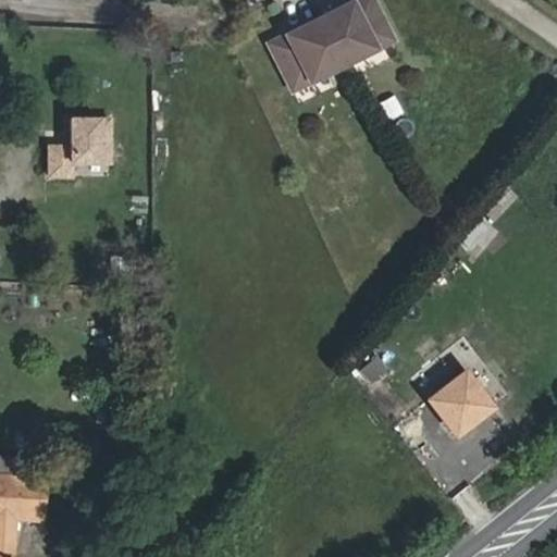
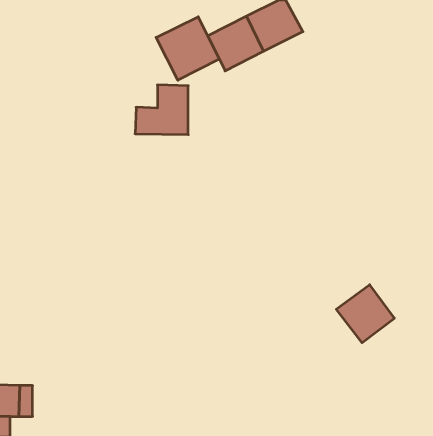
building: none -> [156,17,219,80]
building: [45,112,112,175] -> [135,85,188,135]

